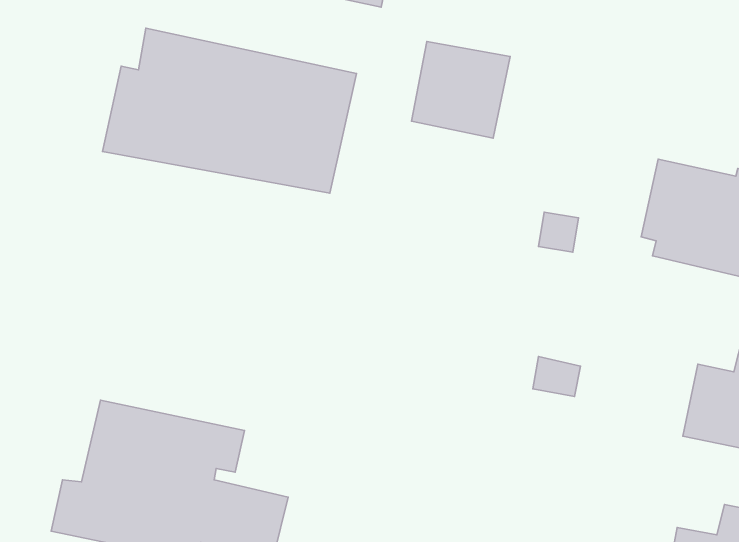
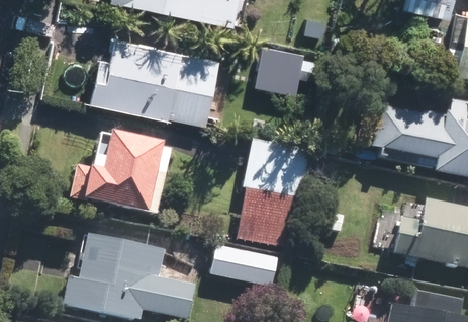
building: none -> [69,131,160,214]
building: none -> [233,143,307,250]
building: none -> [209,246,277,286]

